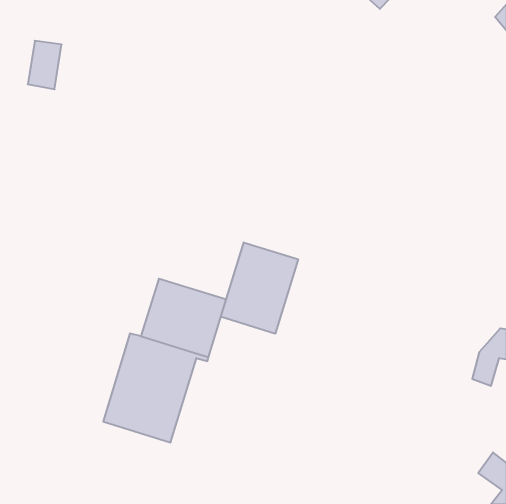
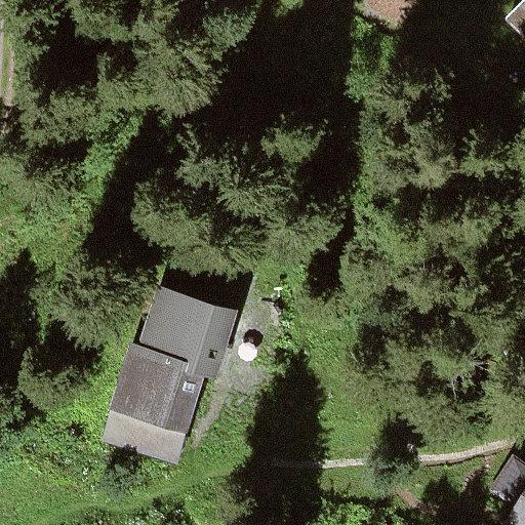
building: [221,242,298,334] -> none

